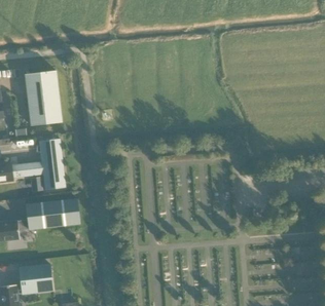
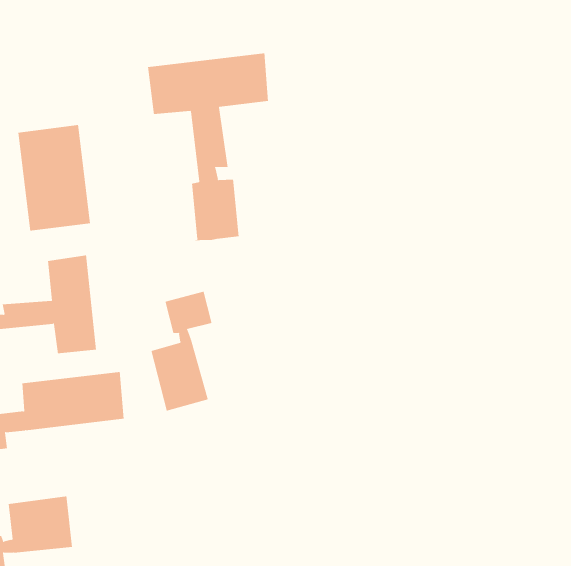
building: none -> [147,53,268,241]
building: none -> [151,291,212,412]

